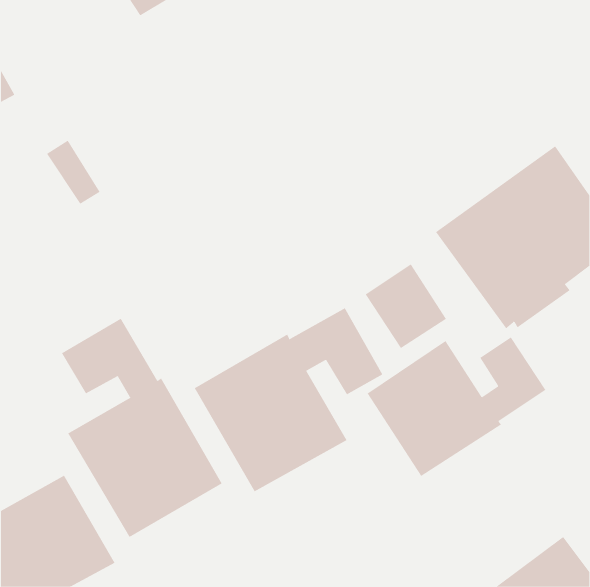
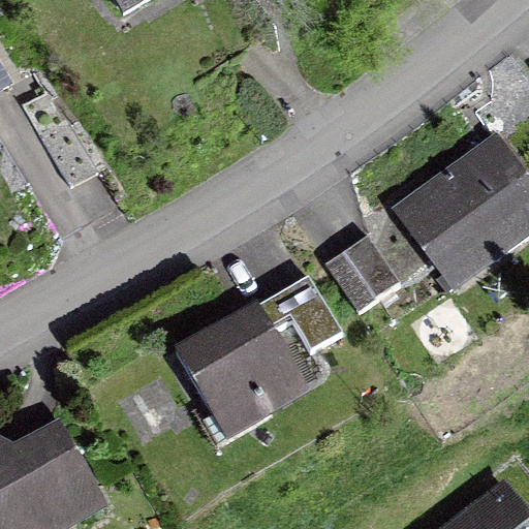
building: [61,318,222,538] -> none
building: [367,337,546,477] -> none

